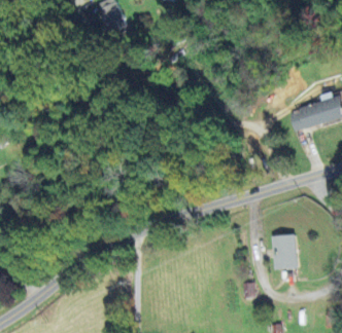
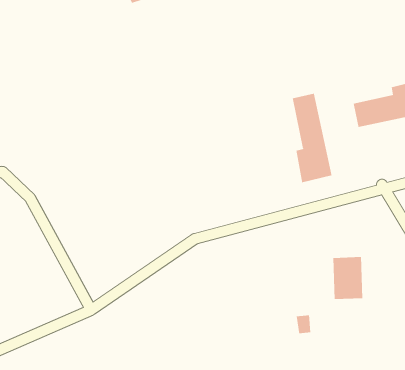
building: none -> [292,93,332,183]

